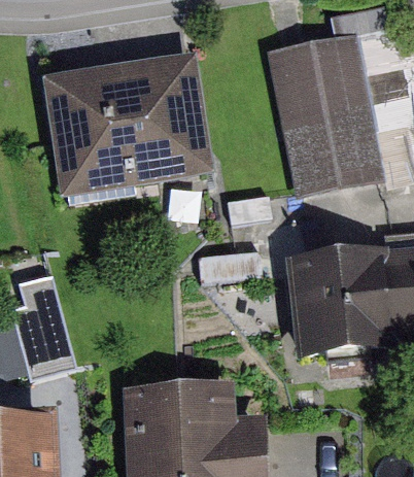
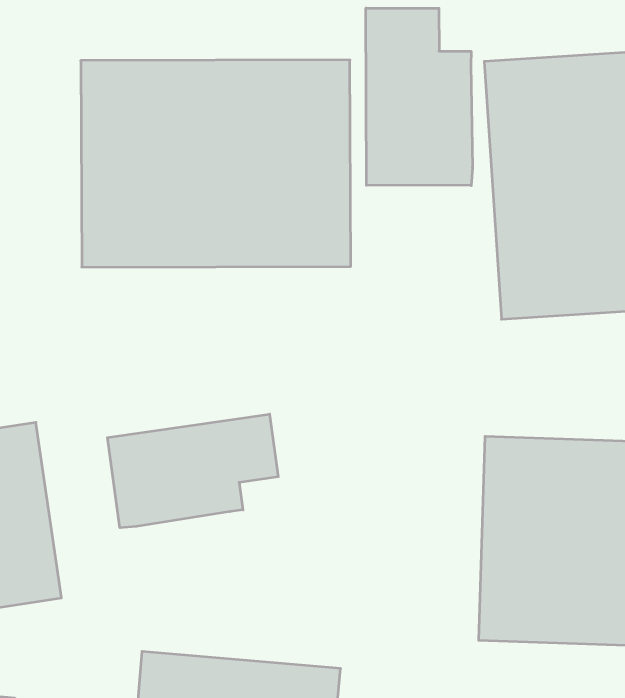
building: none -> [366,8,472,186]
building: none -> [107,414,278,528]

